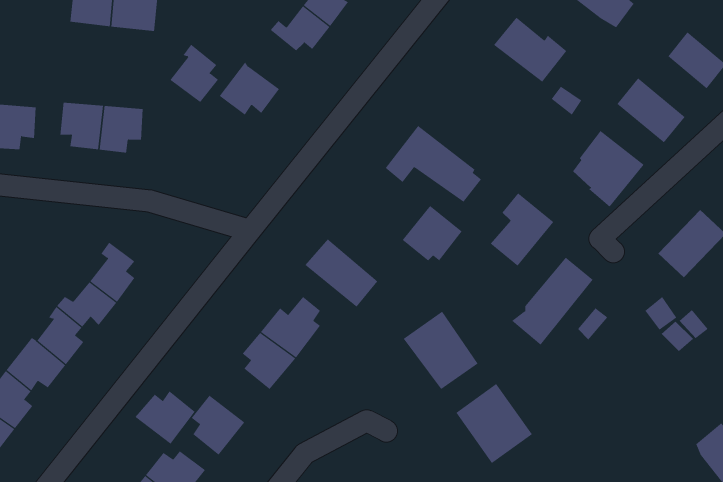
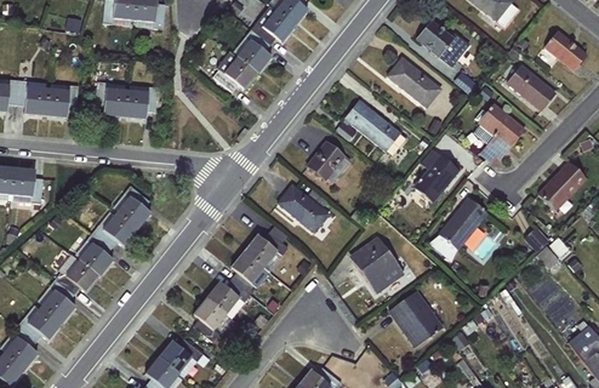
building: [169,44,219,103] -> [234,28,270,72]
building: none -> [386,55,441,108]
building: [402,205,463,261] -> [306,139,350,181]
building: [135,390,195,445] -> [205,278,250,318]

